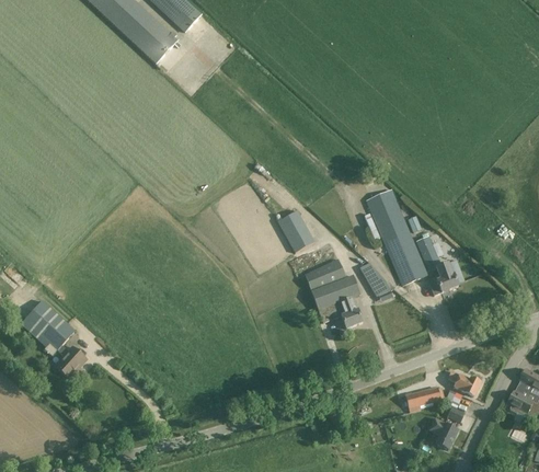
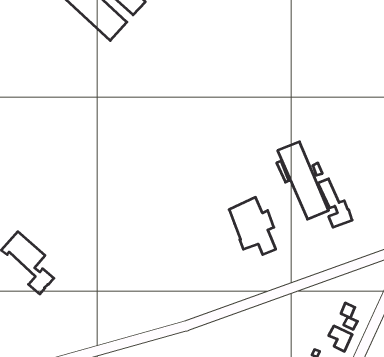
building: [277,209,314,252] -> none
building: [359,262,391,295] -> none
building: [447,369,481,395] -> none
building: [404,385,444,412] -> none

